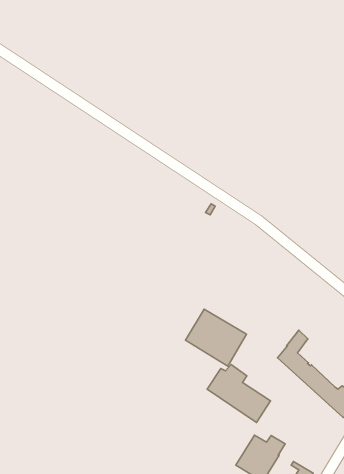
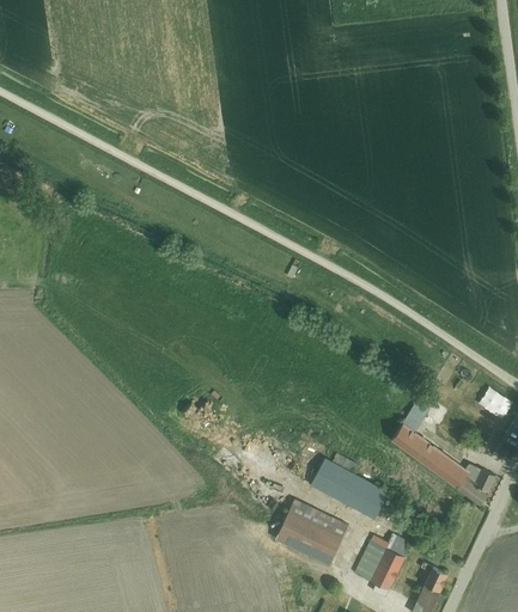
building: [185,309,247,366] -> [274,500,347,565]

